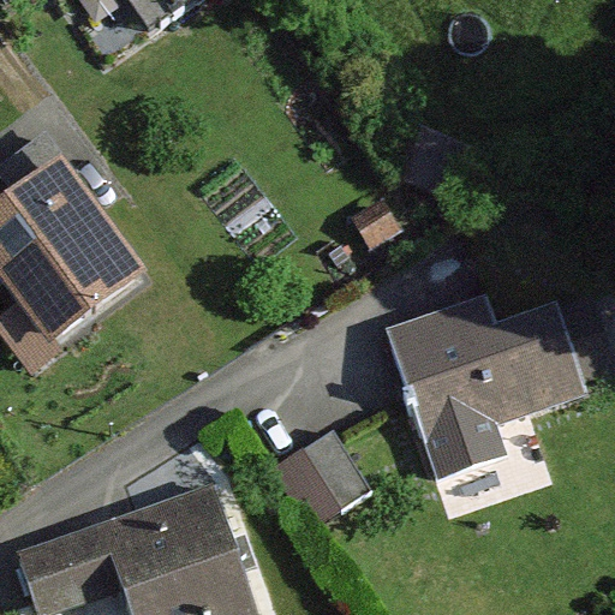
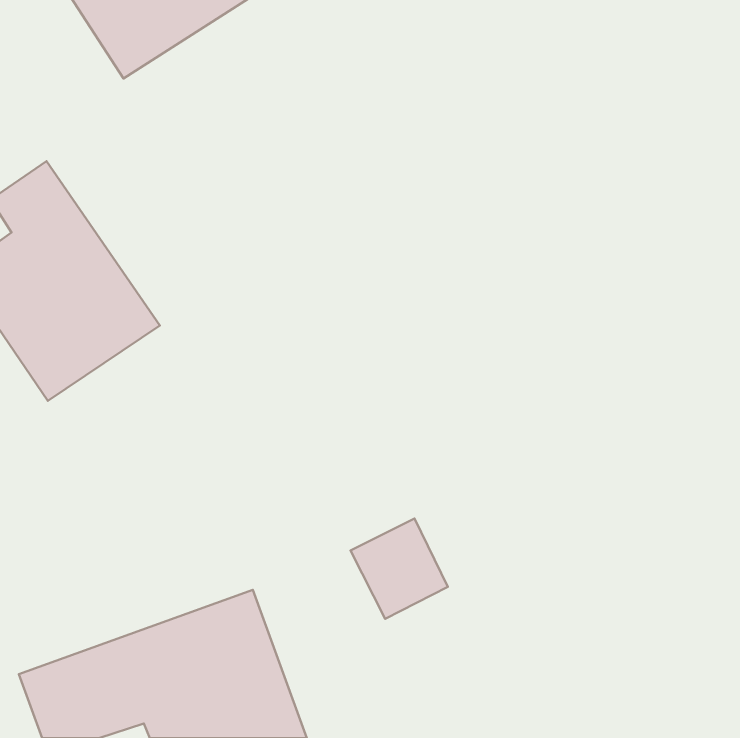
building: [388,294,589,456] -> none

